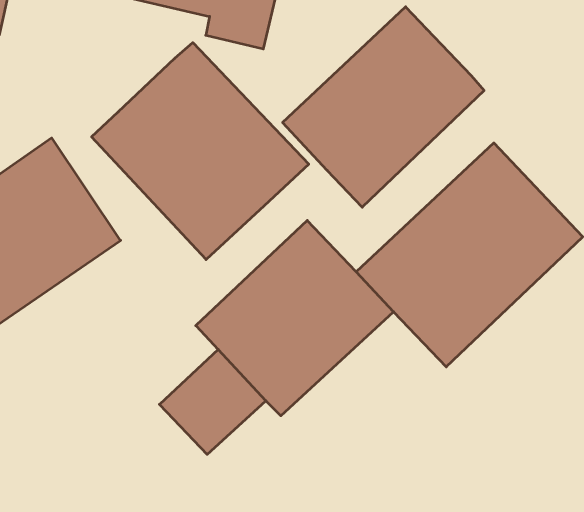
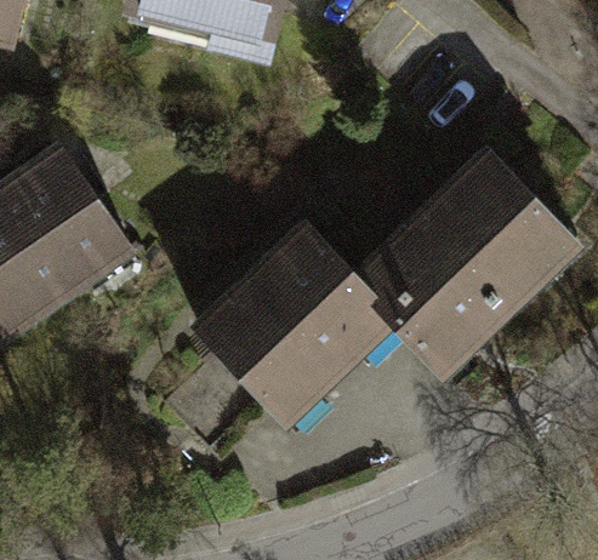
building: [283,7,484,207] -> none
building: [92,43,309,260] -> none

